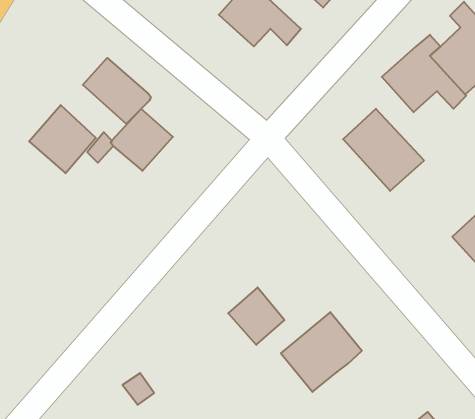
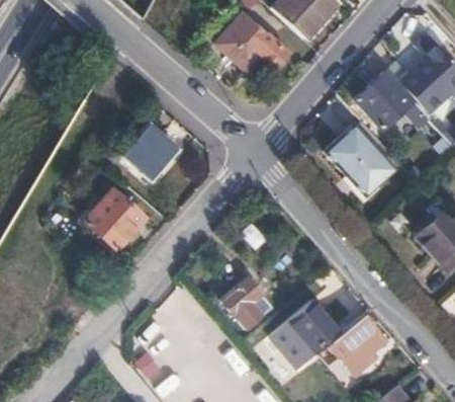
building: [83,58,151,124] -> none
building: [29,105,96,173] -> [87,191,145,250]
building: none -> [328,315,385,375]

